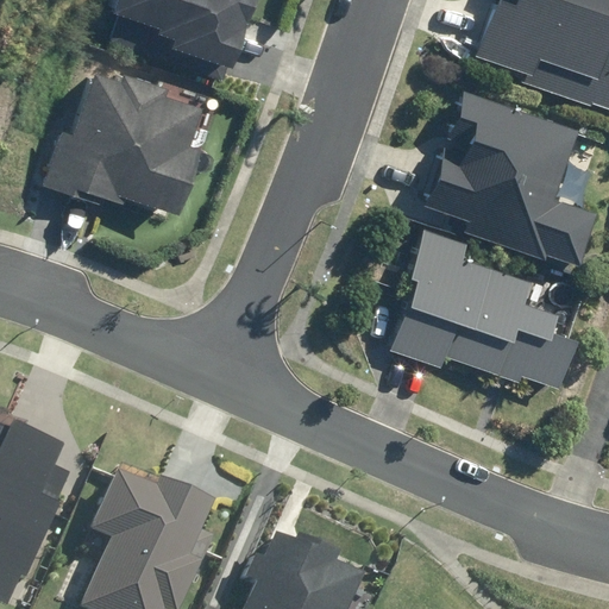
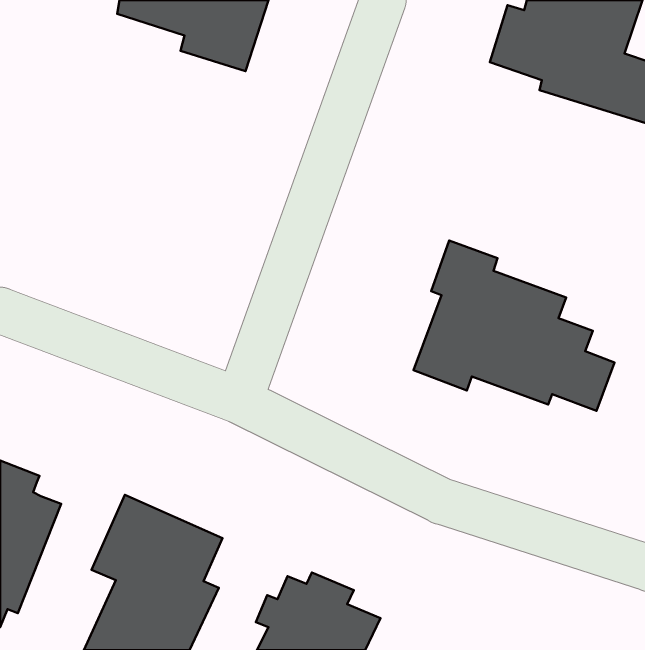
building: [42,70,205,209] -> none
building: [426,86,597,272] -> none

